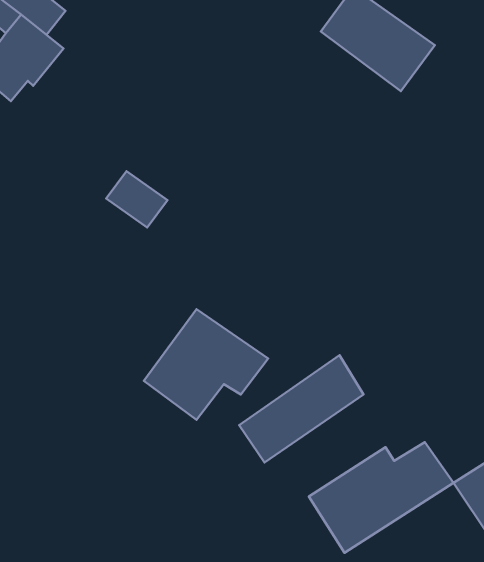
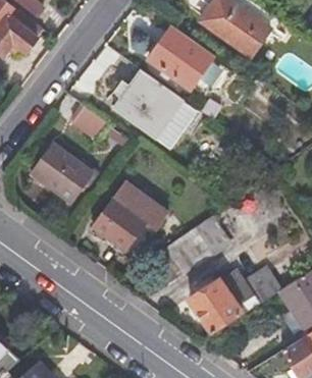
building: none -> [149,29,210,87]
building: none -> [114,70,191,144]
building: none -> [33,145,98,201]

